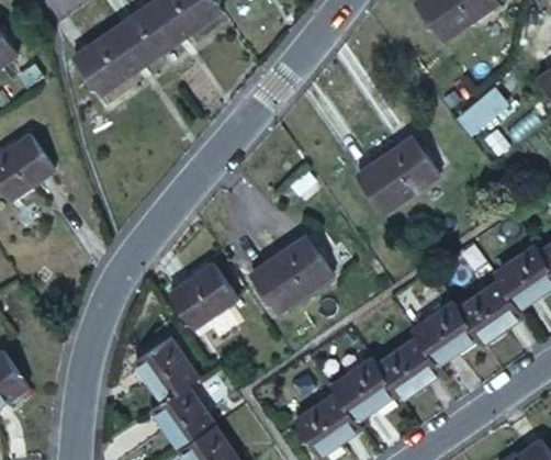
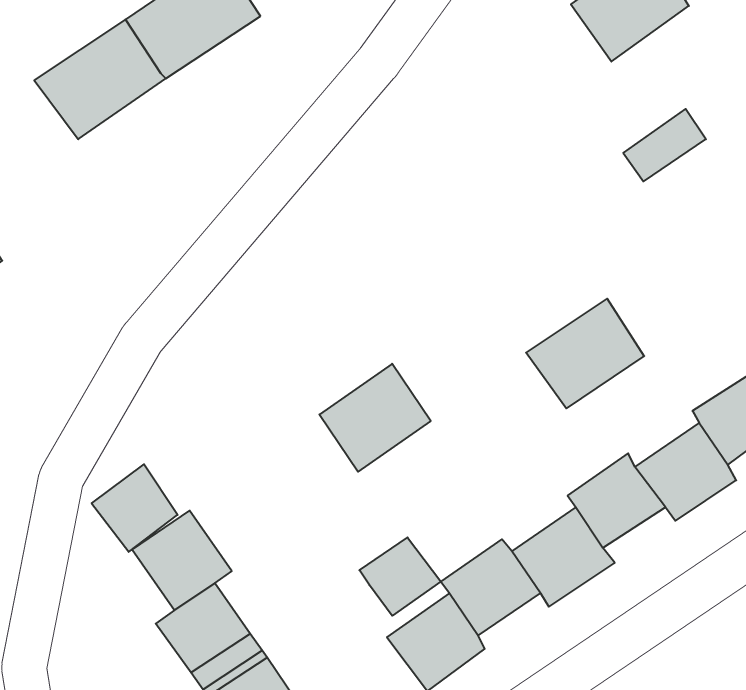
building: [361,141,438,212] -> [526,299,644,408]
building: [176,269,232,326] -> [92,464,178,552]
building: none -> [359,537,441,616]

